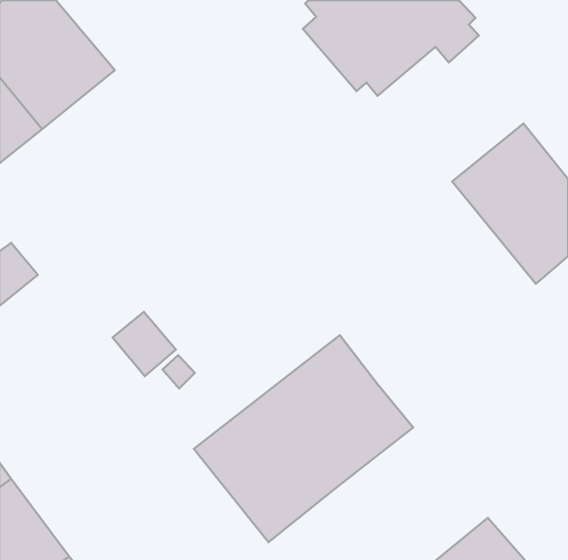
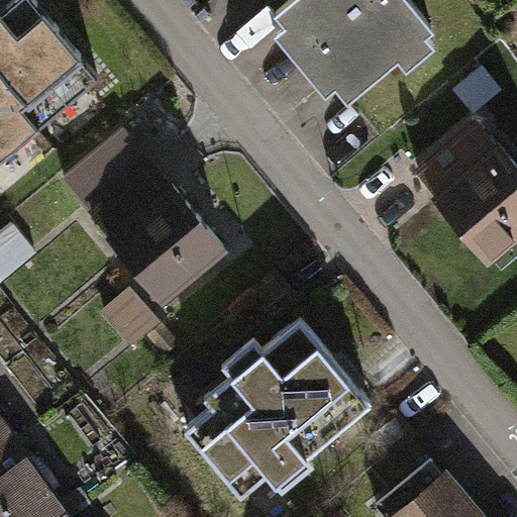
building: none -> [88,163,227,309]

